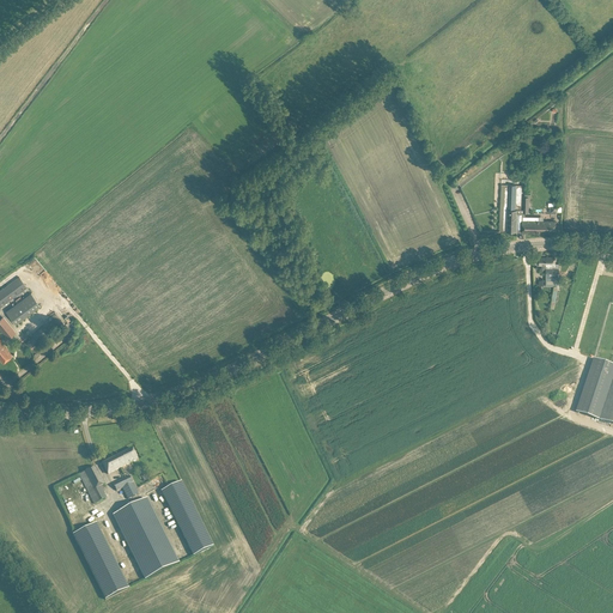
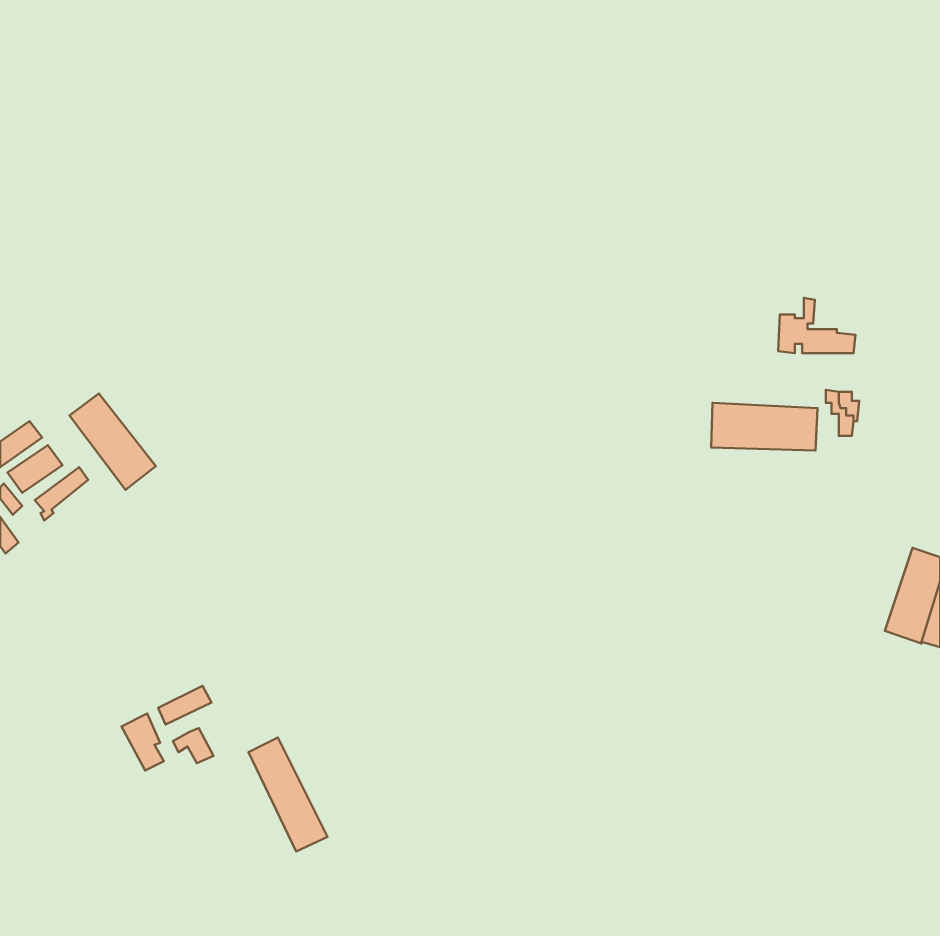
building: none -> [70,393,156,490]
building: none -> [711,403,817,451]
building: [119,499,170,569] -> none
building: [73,521,128,597] -> none

